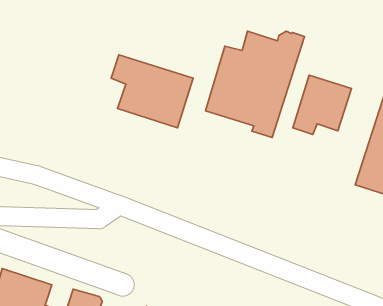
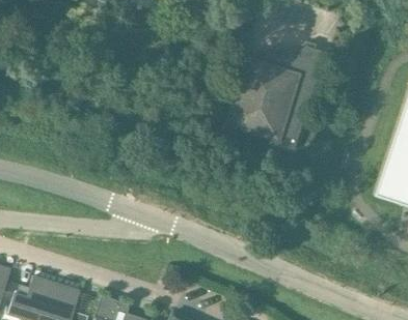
building: [111,55,193,128] -> none
building: [293,75,351,134] -> none

